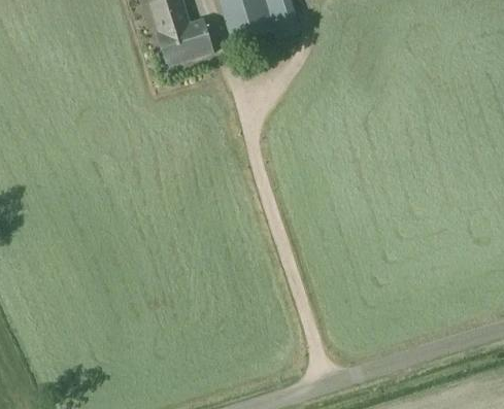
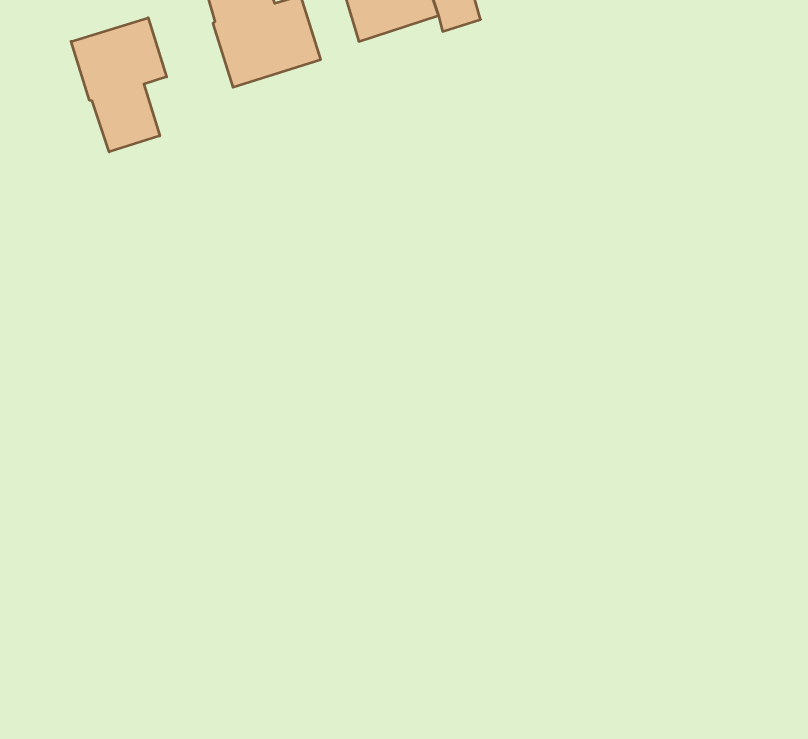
building: none -> [71,18,167,152]

